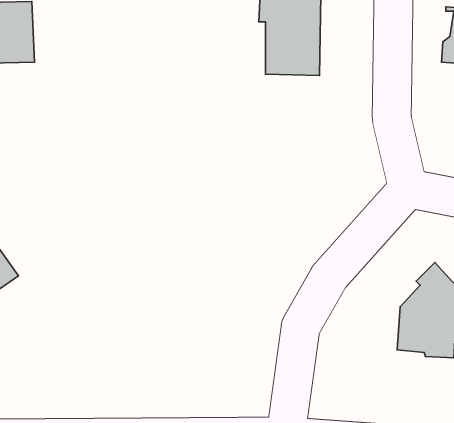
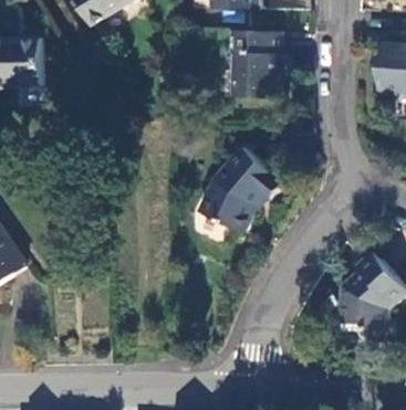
building: none -> [198,151,275,238]

